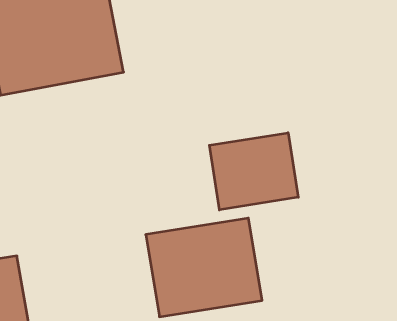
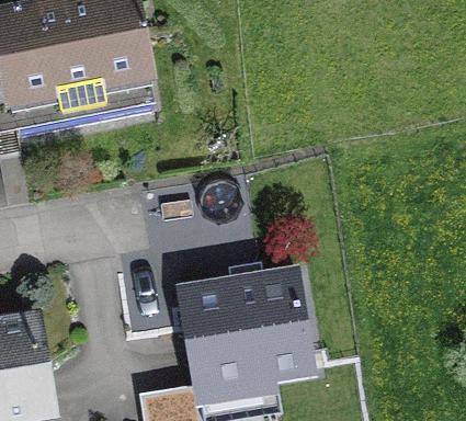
building: [209,133,298,210] -> none

